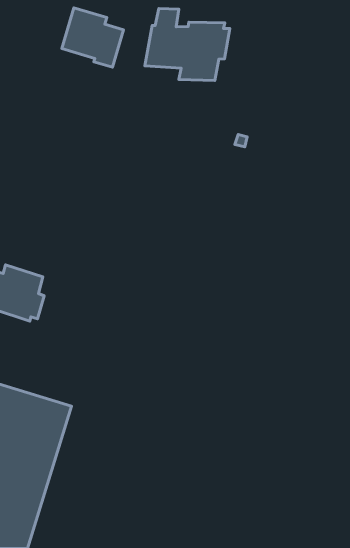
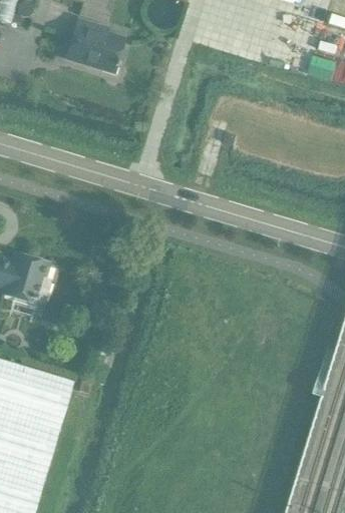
building: [145,9,230,80] -> none

